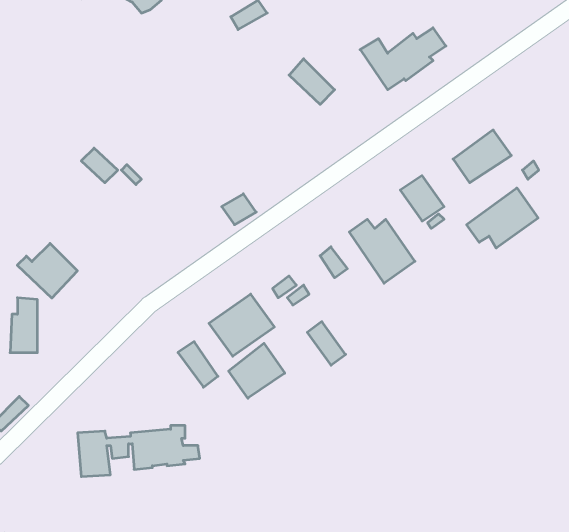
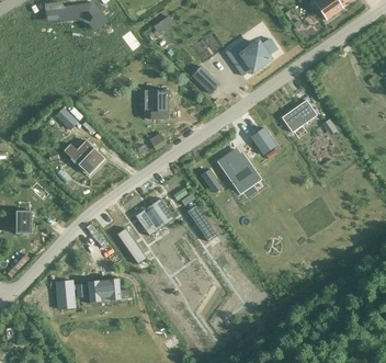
building: none -> [144,89,168,111]
building: [467,188,538,248] -> none
building: [17,243,77,298] -> [66,138,102,171]
building: [229,343,285,398] -> none

